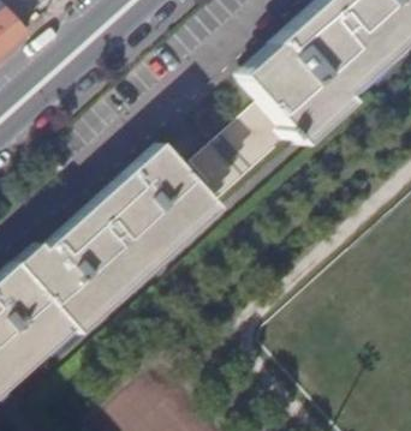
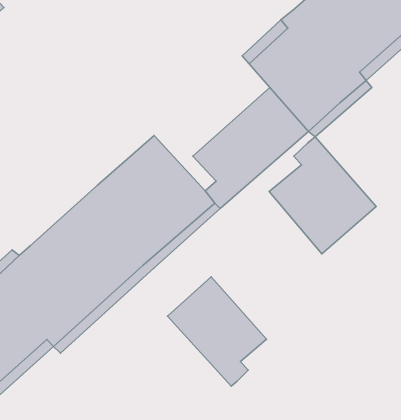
building: none -> [269,137,376,254]
building: none -> [168,277,266,386]

